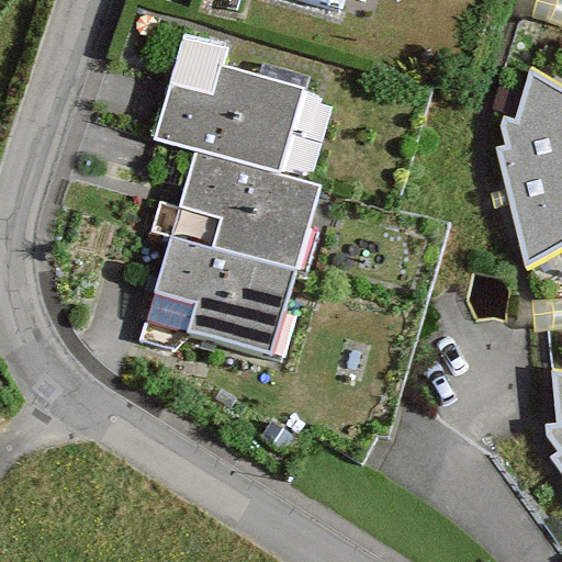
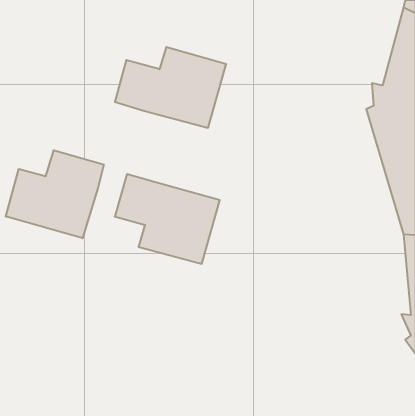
building: [179,149,323,270] -> none
building: none -> [6,150,104,238]

